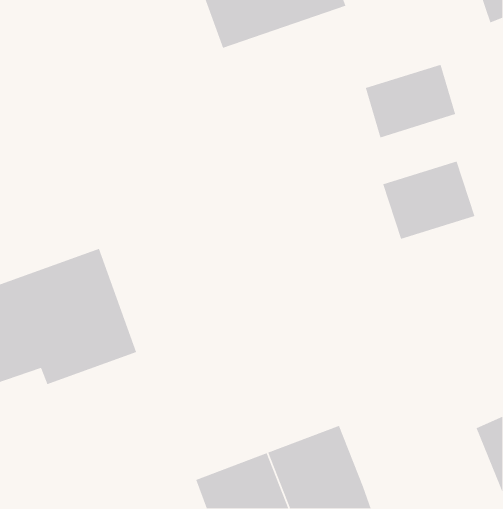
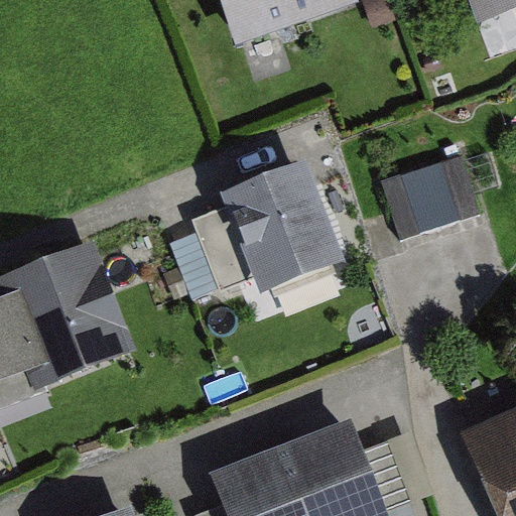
building: [365,64,456,138] -> none
building: none -> [196,161,354,293]

